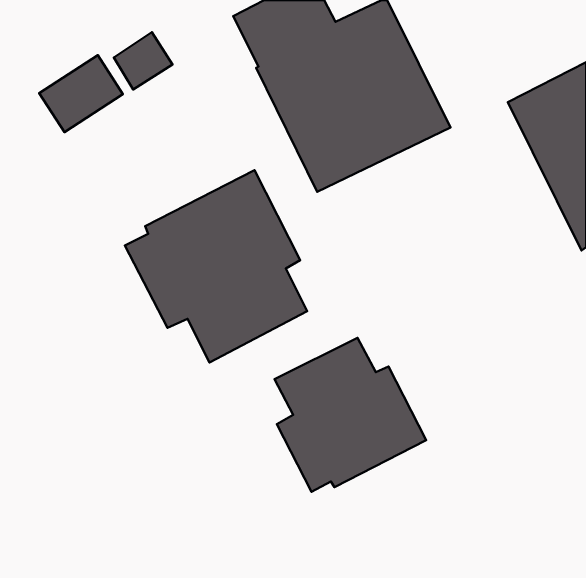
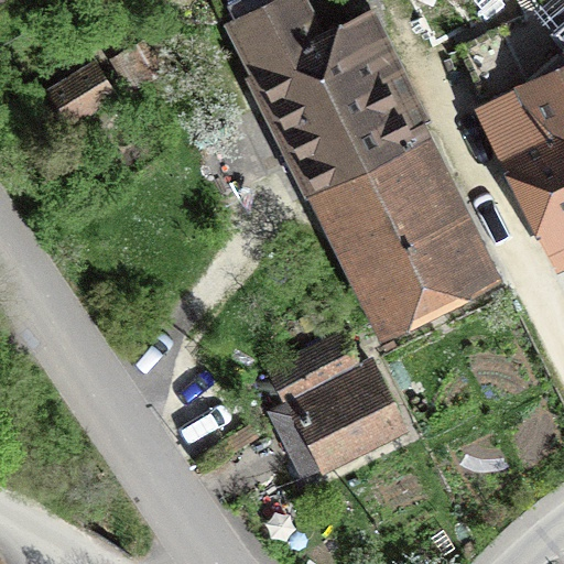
building: none -> [304,131,503,339]
building: [125,170,307,362] -> none

